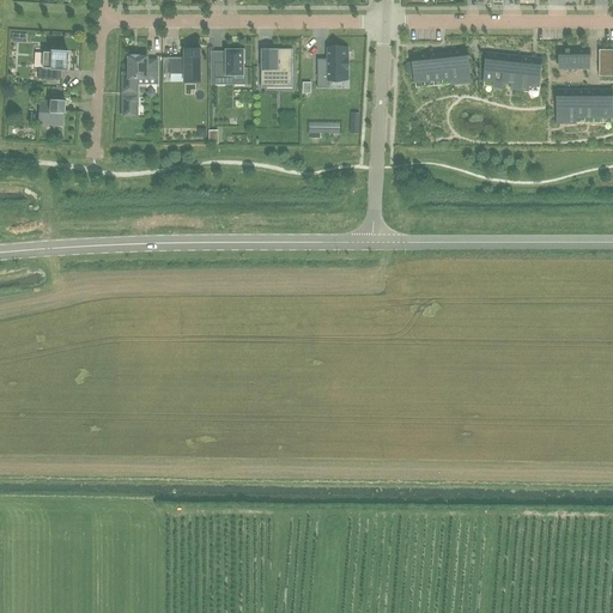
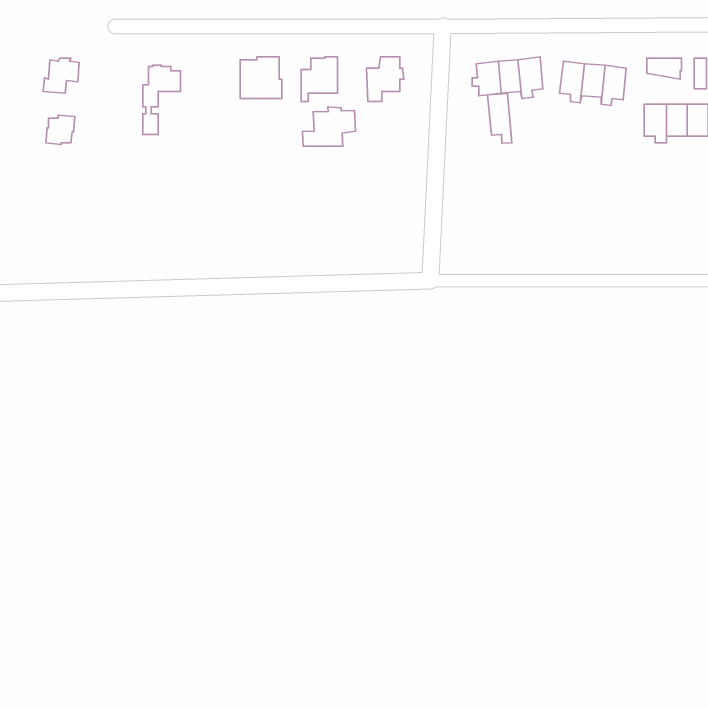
building: [169,50,200,84] -> none
building: none -> [488,93,512,143]
building: none -> [303,107,355,146]

